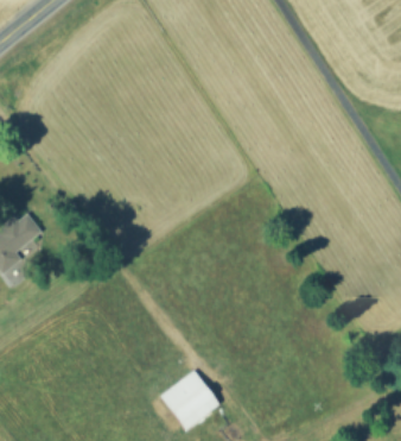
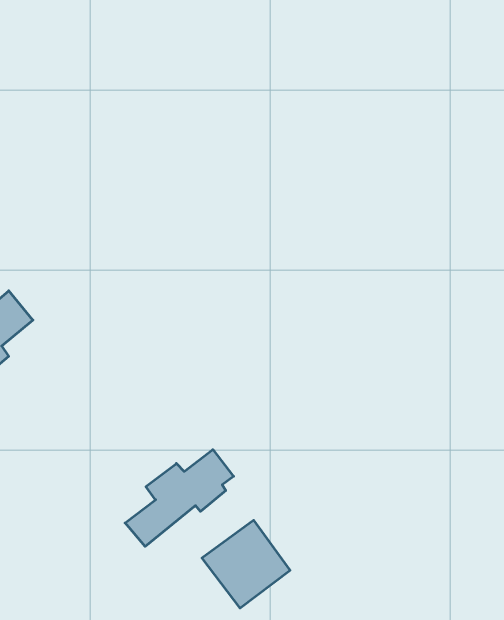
building: none -> [125,450,234,546]

